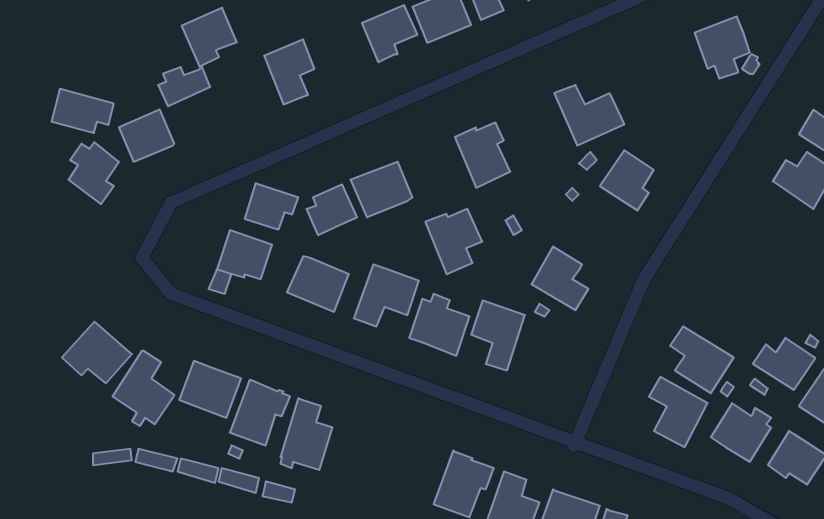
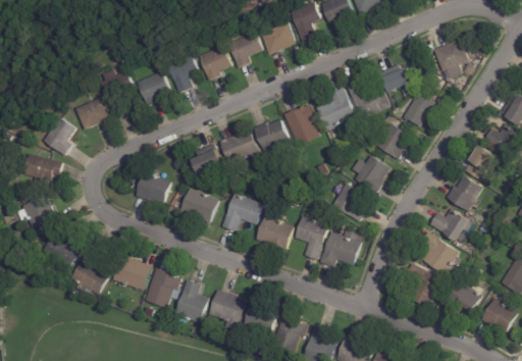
building: [182,8,237,67] -> [136,71,170,108]
building: none -> [198,45,230,81]
building: none -> [380,64,416,94]
building: [52,89,114,133] -> [23,154,62,182]
building: none -> [317,88,356,131]
building: none -> [403,93,435,127]
building: [245,183,298,230] -> none
building: none -> [465,145,499,179]
building: none -> [352,155,389,194]
building: [425,209,482,274] -> [254,119,290,160]
building: none -> [445,174,481,210]
building: none -> [16,194,58,234]
building: none -> [321,233,362,267]
building: [753,338,815,390] -> [430,208,469,241]
building: none -> [209,289,247,330]
building: none -> [243,301,278,336]

